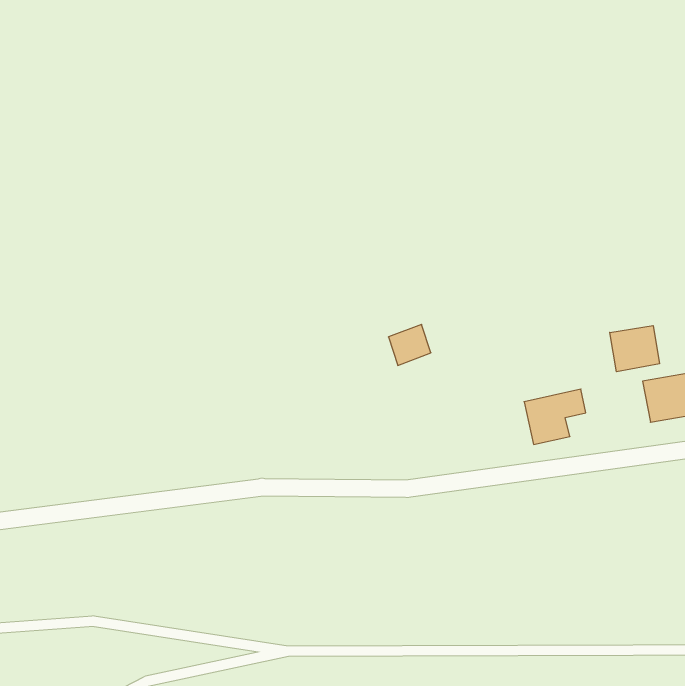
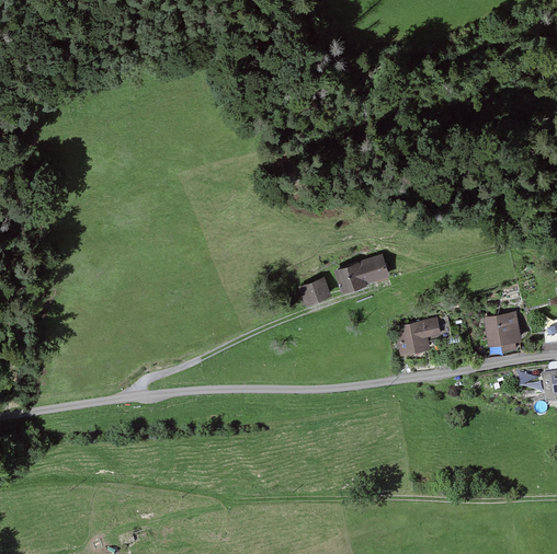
building: none -> [338,255,394,292]
building: [610,326,659,372] -> none

